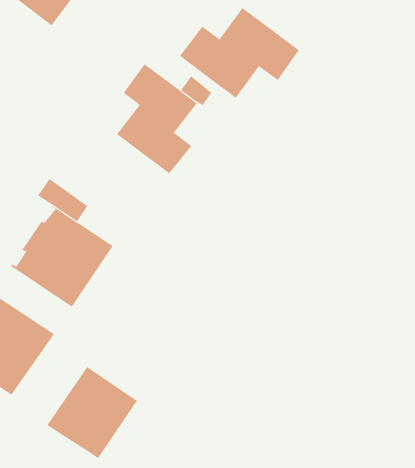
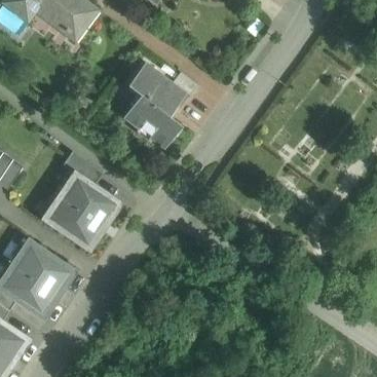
building: [179,7,299,99] -> none
building: [46,366,138,459] -> none

